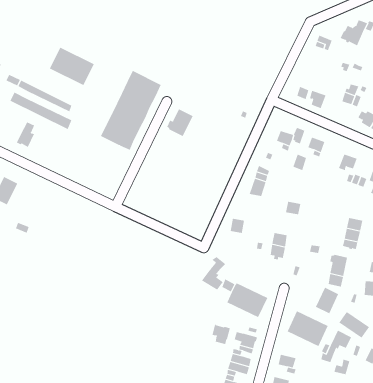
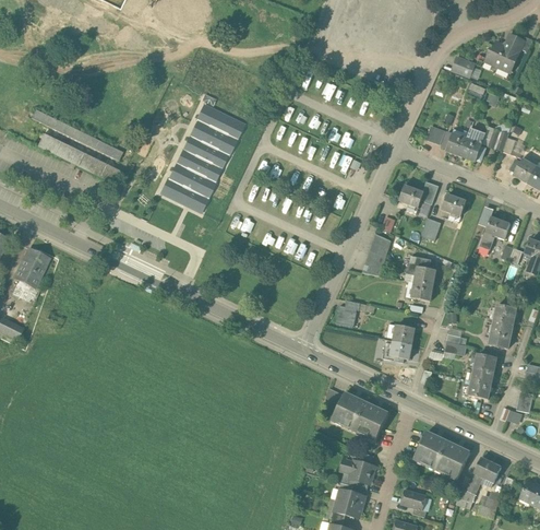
building: [49,47,94,86] -> none
building: none -> [460,129,485,162]
building: [167,109,193,137] -> none
building: [16,122,35,149] -> none
building: none -> [408,256,436,285]
building: [201,256,226,291] -> none
building: [315,287,339,314] -> none
building: [339,311,370,338] -> none
building: [212,323,231,345] -> none

